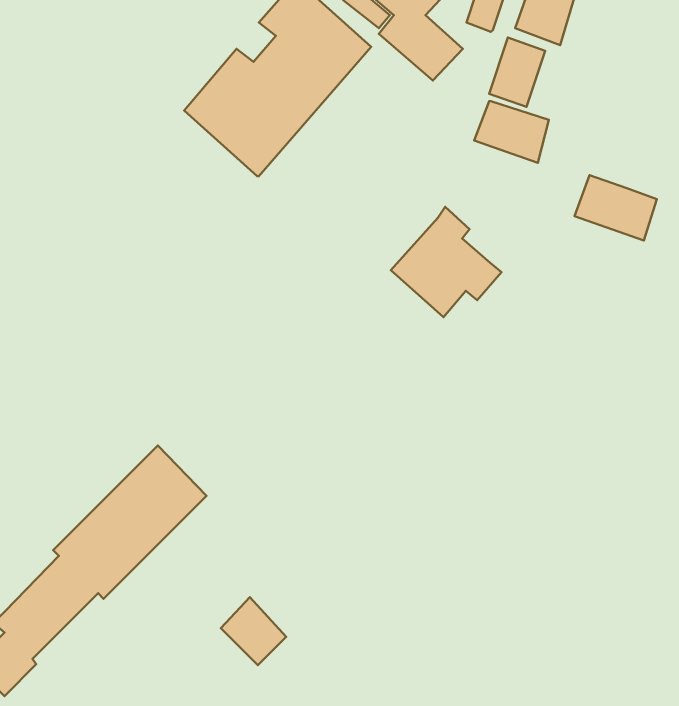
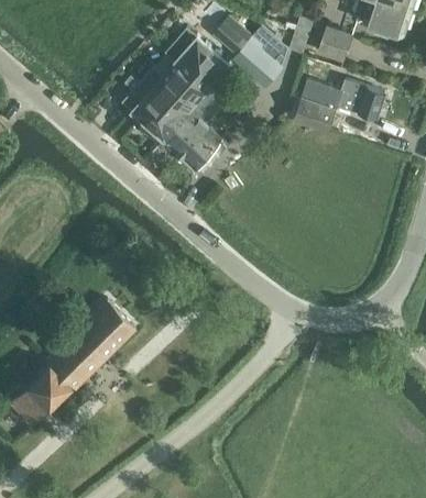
building: [575,175,657,240] -> [336,80,384,119]
building: [391,207,501,317] -> [166,104,231,169]
building: [221,597,286,665] -> none

